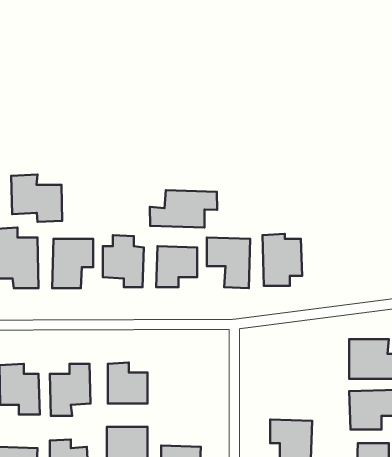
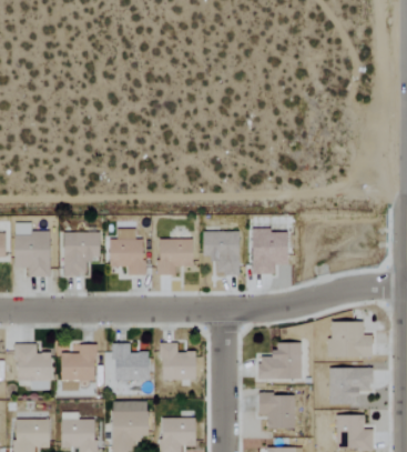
building: [11,175,62,222] -> none
building: [150,190,217,228] -> none
building: none -> [160,343,196,380]
building: none -> [258,343,303,380]

